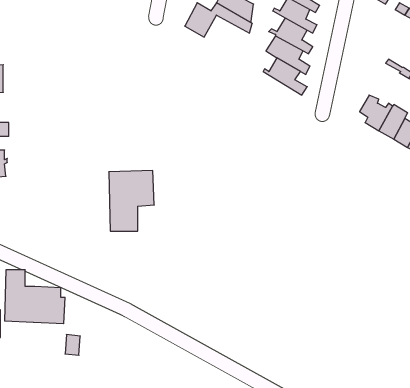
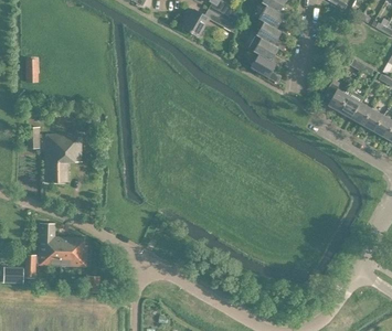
building: [109,171,154,231] -> [44,134,81,182]

